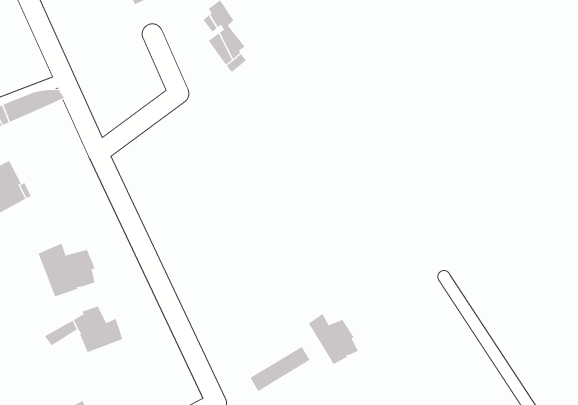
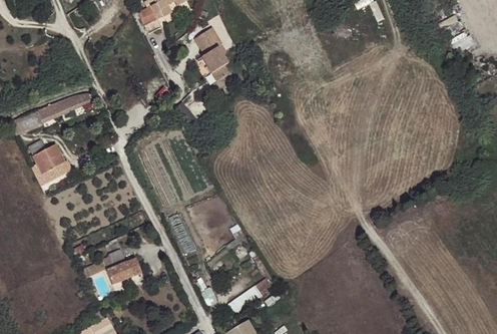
building: [38,243,96,297] -> none
building: [308,313,358,365] -> none

